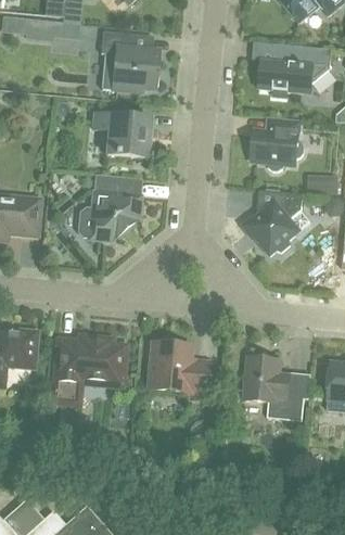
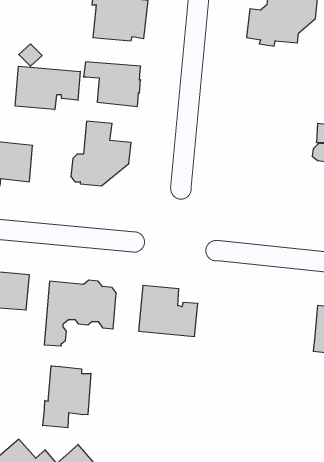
building: [251,116,304,170] -> none
building: none -> [15,66,80,110]
building: [245,189,309,254] -> none
building: [242,352,304,420] -> none
building: none -> [43,366,91,428]

